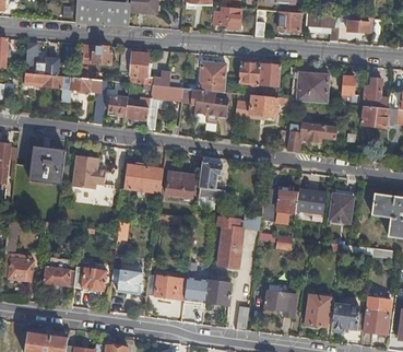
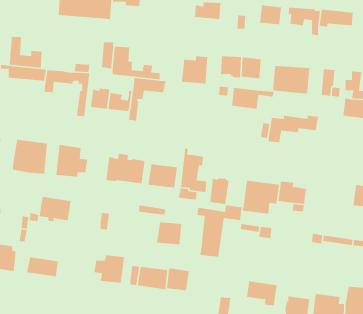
building: [81,45,110,64] -> none
building: [181,89,228,124] -> none
building: none -> [209,178,230,205]
building: [329,195,353,223] -> none
building: [73,266,106,292] -> [39,196,71,222]
building: [204,280,230,304] -> [156,221,182,245]

